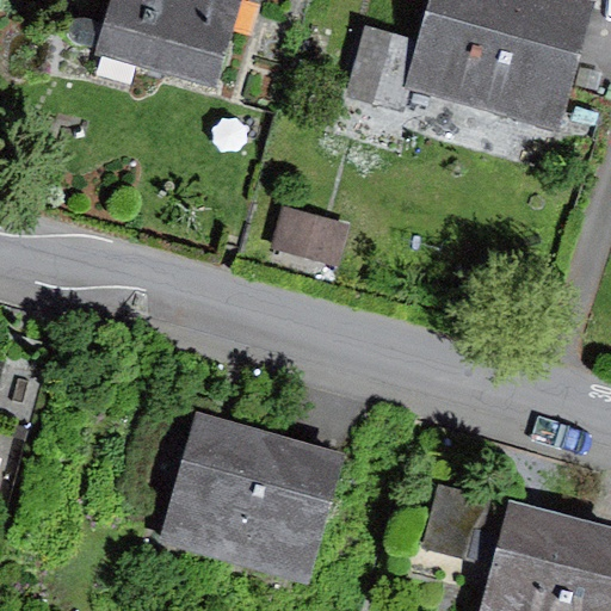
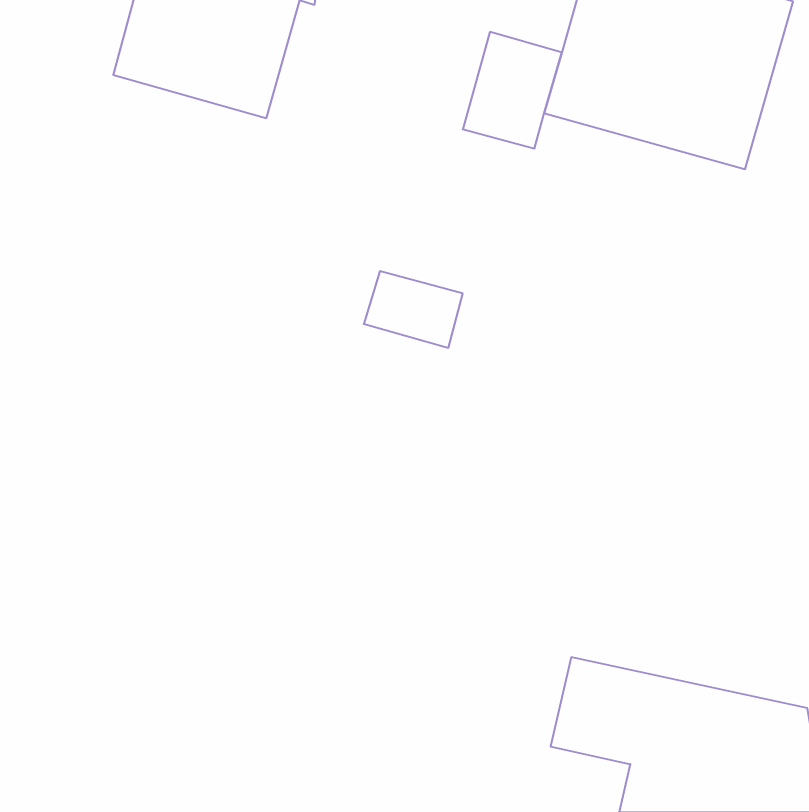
building: [160,421,341,585] -> none

